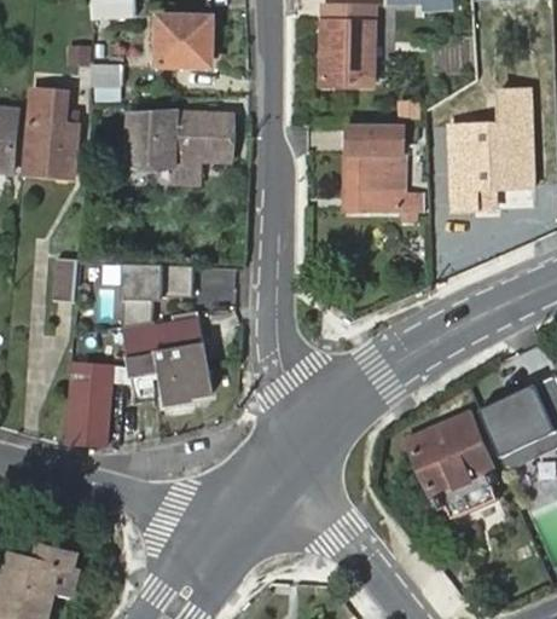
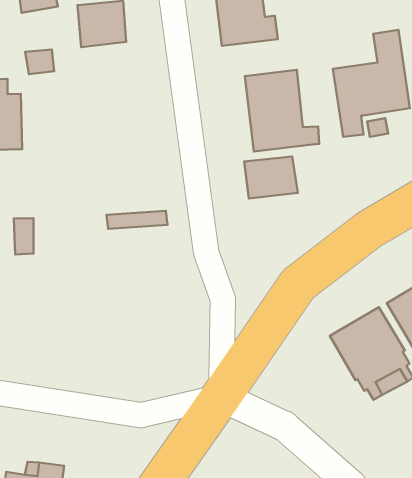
building: [129,112,232,183] -> none
building: none -> [244,156,298,199]
building: [123,265,158,323] -> none
building: [126,323,210,407] -> none
building: [65,364,111,447] -> none

